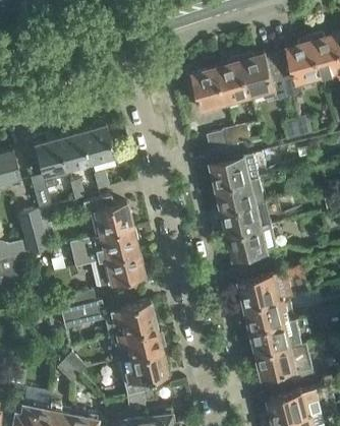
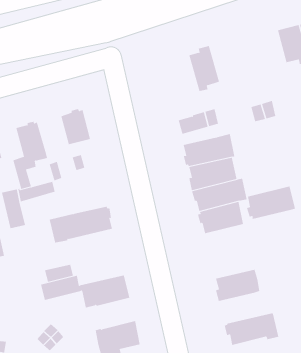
building: [287,42,321,88] -> none
building: [239,54,289,103] -> none
building: [189,68,228,114] -> none
building: [56,131,89,171] -> none
building: [81,196,132,237] -> none
building: [89,253,143,289] -> none
building: [239,270,292,306] -> [246,186,296,219]
building: [248,318,306,354] -> none
building: [111,326,163,361] -> none

